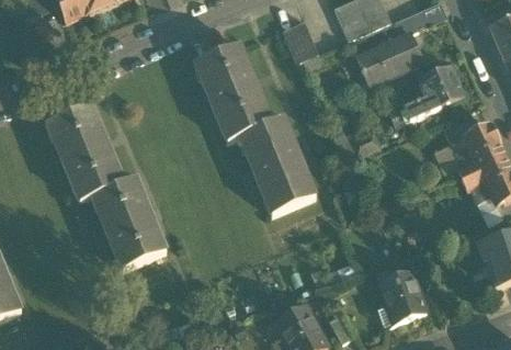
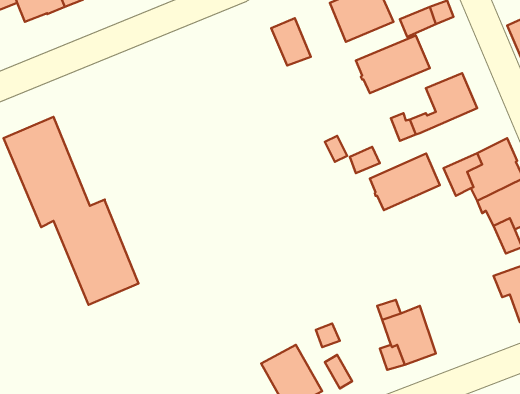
building: [196,43,317,213] -> none
building: none -> [370,154,440,210]

